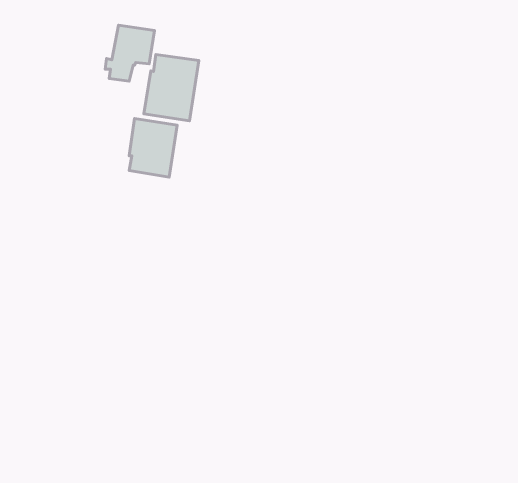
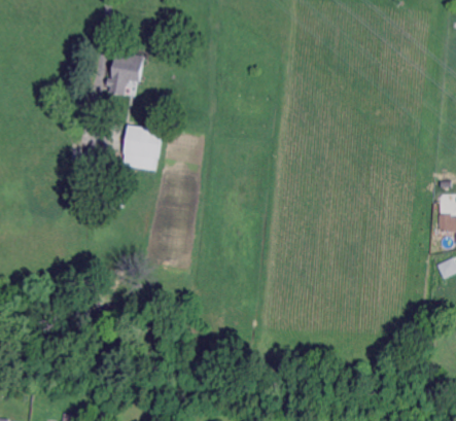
building: [144,54,199,121] -> none

